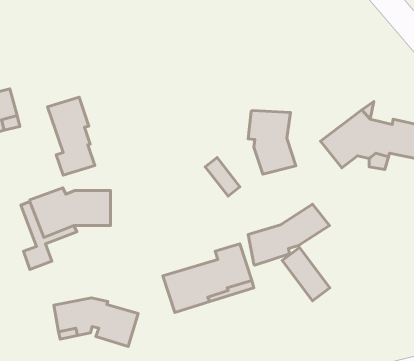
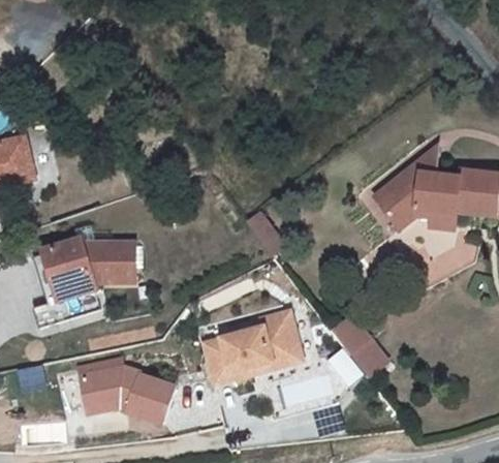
building: [47,97,95,175] -> none
building: [248,111,296,174] -> none
building: [248,204,330,265] -> none

